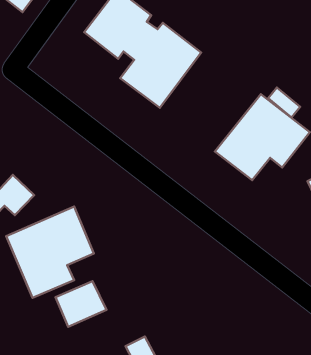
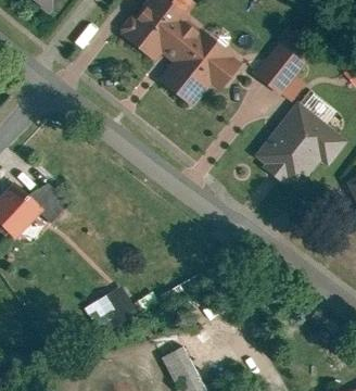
building: none -> [255,39,306,93]
building: [6,207,94,298] -> none

